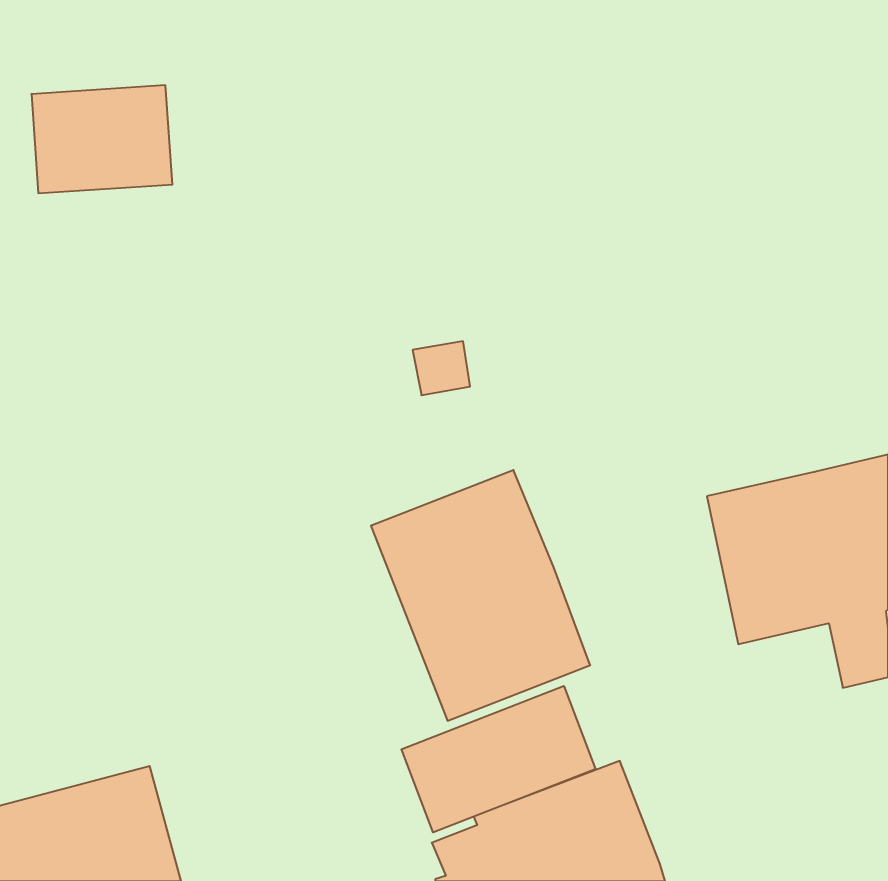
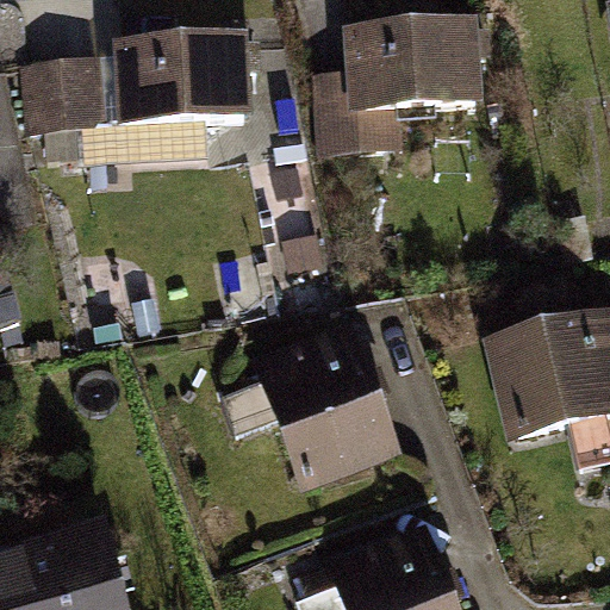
building: none -> [317,20,484,150]
building: none -> [111,33,253,126]
building: [401,686,595,832] -> none

